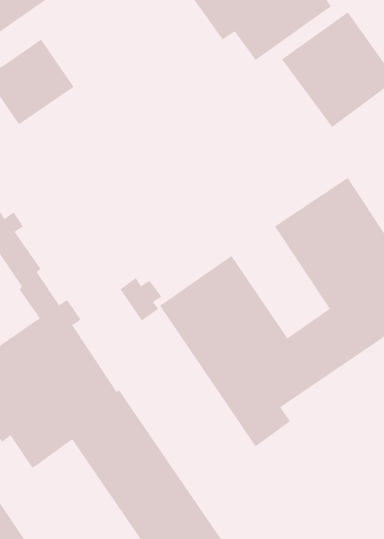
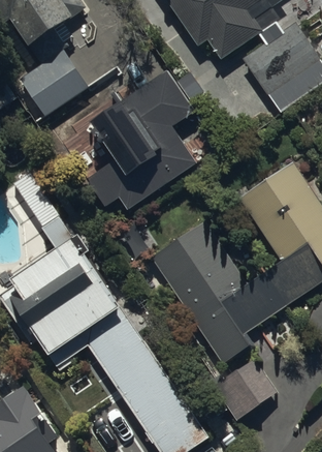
building: none -> [87,68,195,208]
building: none -> [212,355,273,414]

